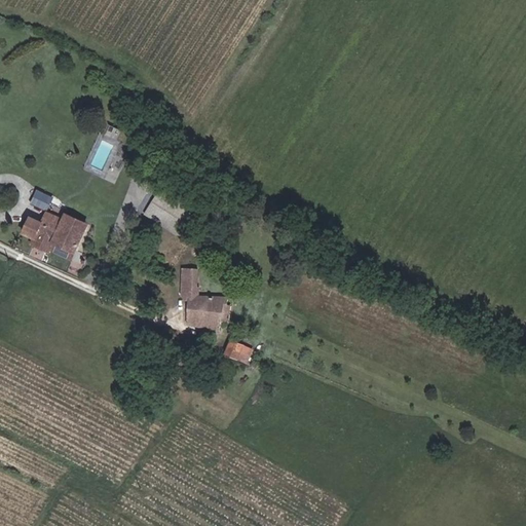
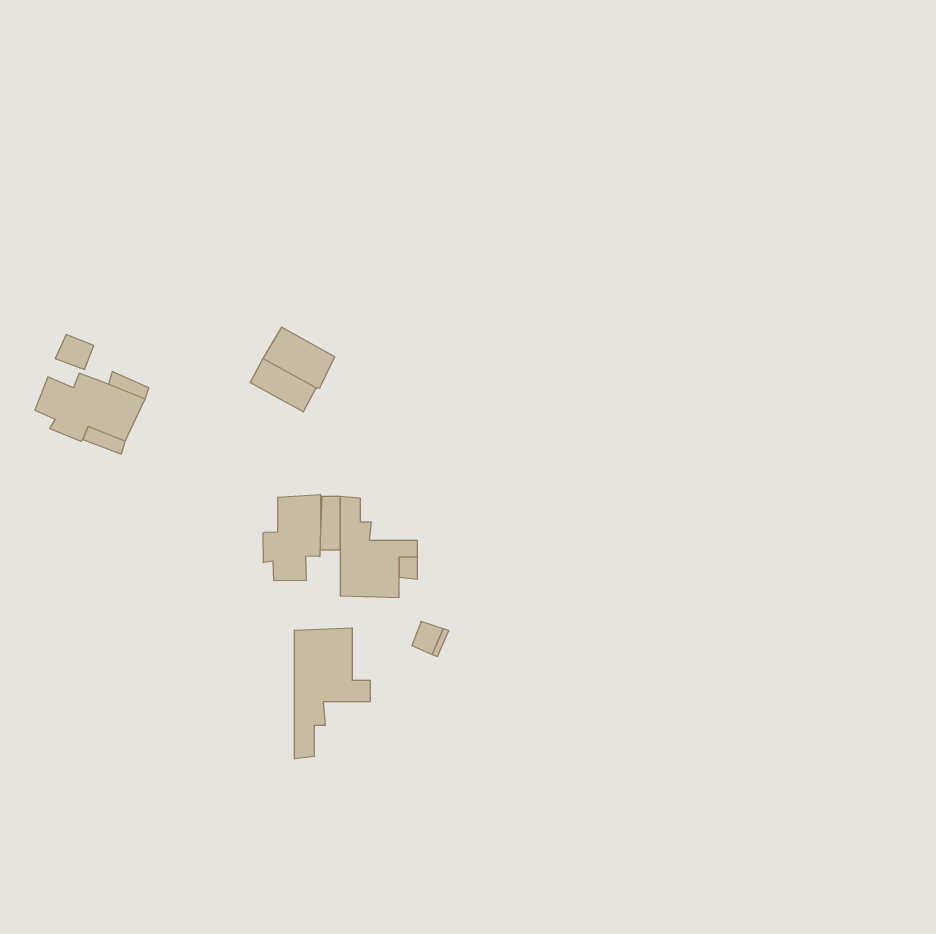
building: none -> [263,494,320,581]
building: none -> [294,628,370,759]

